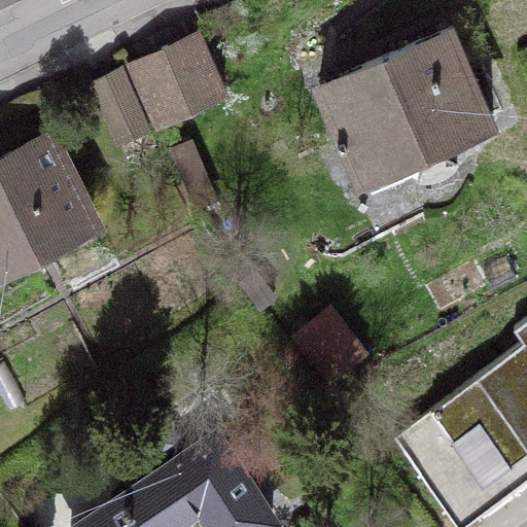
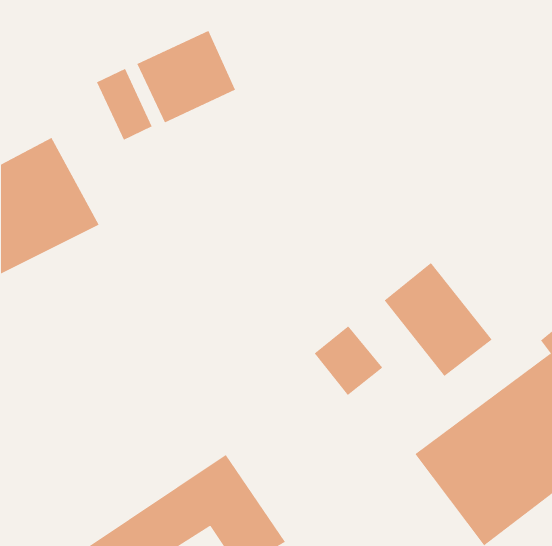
building: [317,31,493,179] -> none
building: none -> [384,262,493,377]

